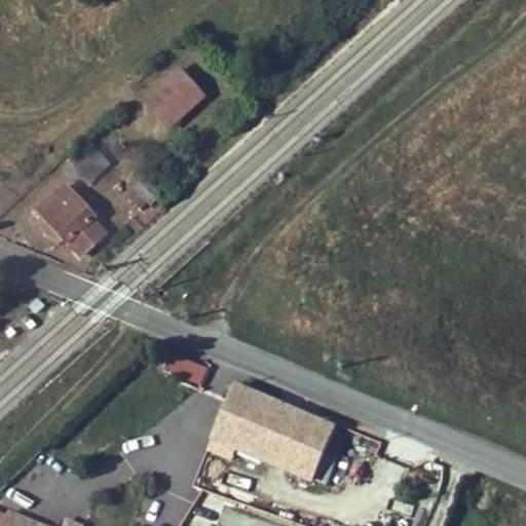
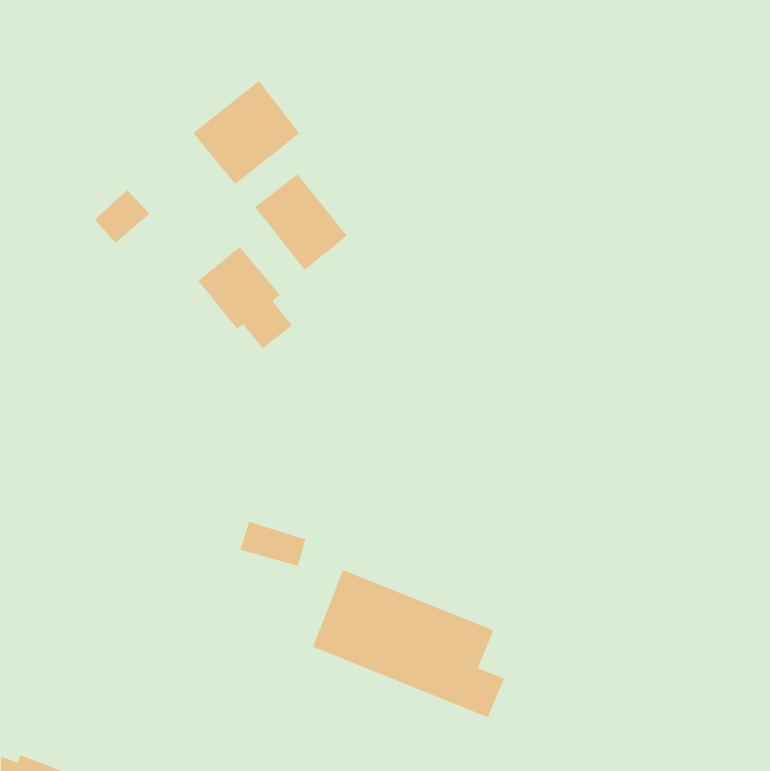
building: none -> [254,174,347,271]
building: [37,185,102,255] -> [197,246,293,349]

